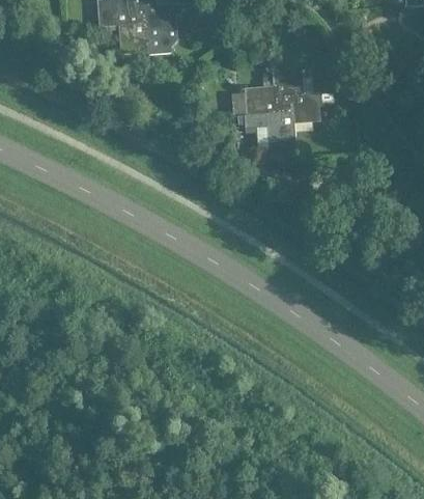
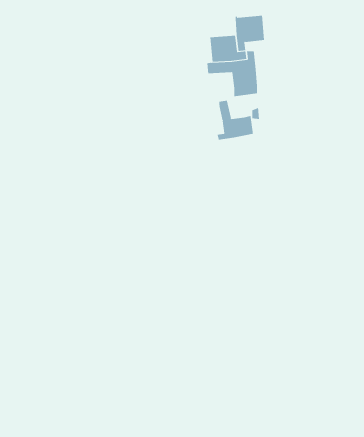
building: [280,90,317,120] -> none
building: none -> [217,100,253,141]

